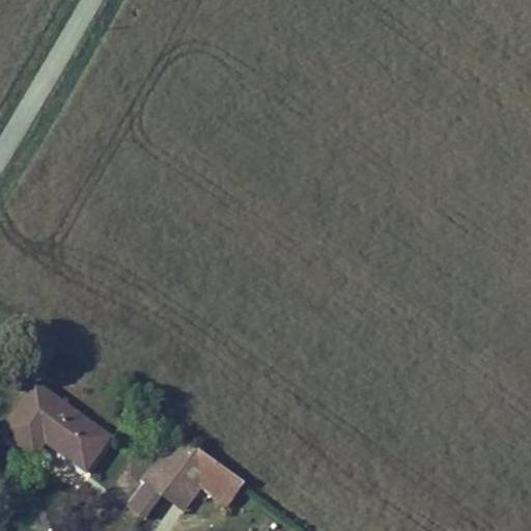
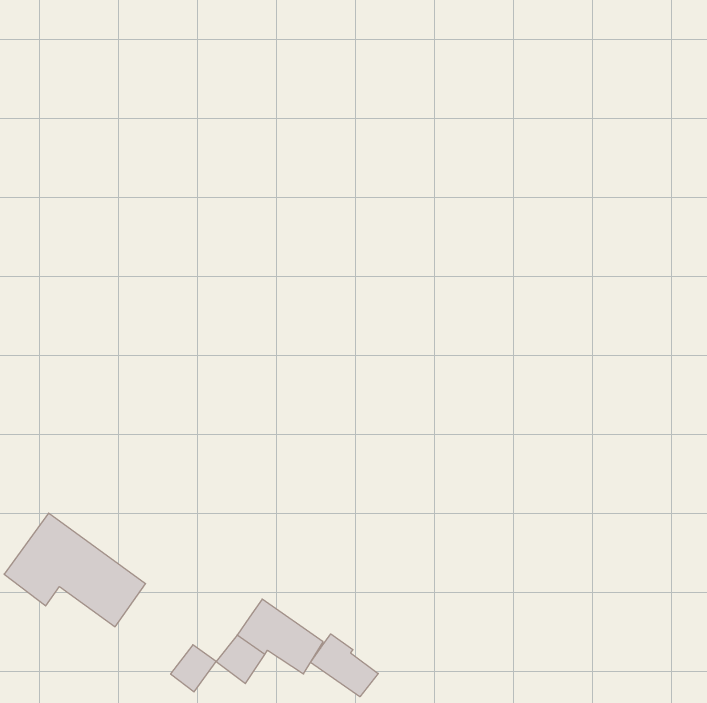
building: [142,446,188,495] -> none
building: none -> [311,634,378,697]

